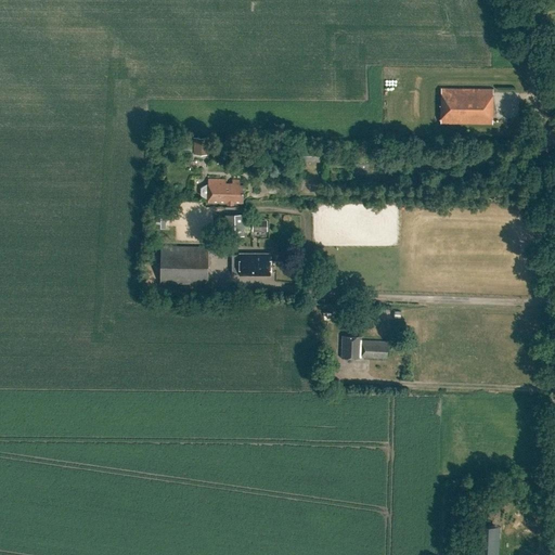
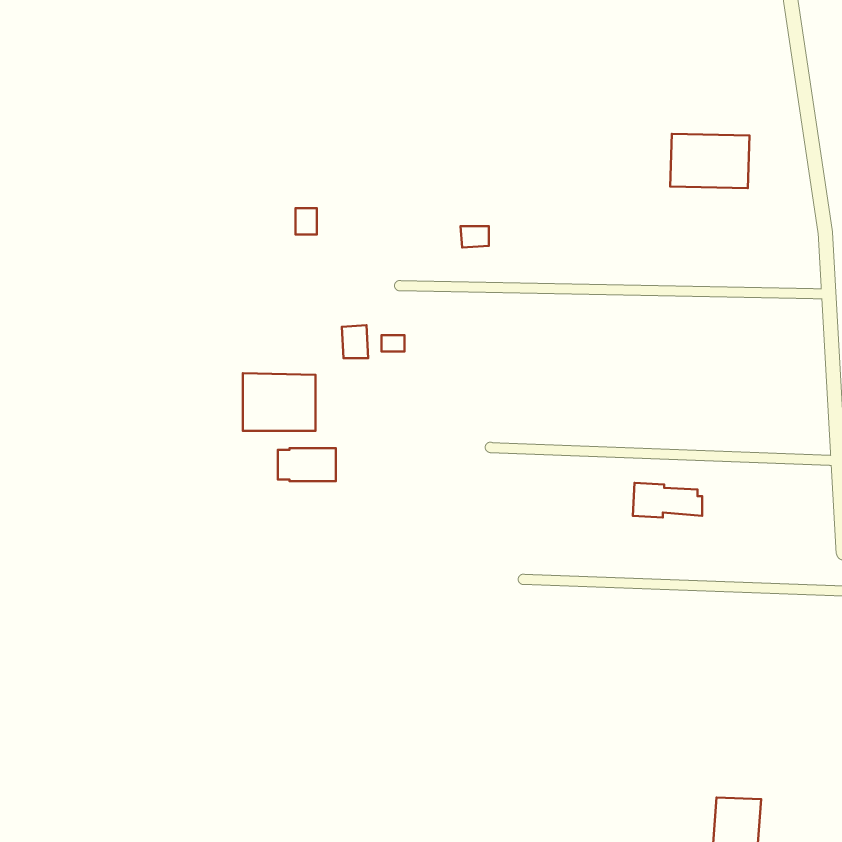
building: [202,180,244,209] -> none
building: [233,255,271,276] -> [278,448,336,481]
building: [341,336,387,359] -> [633,483,702,518]

